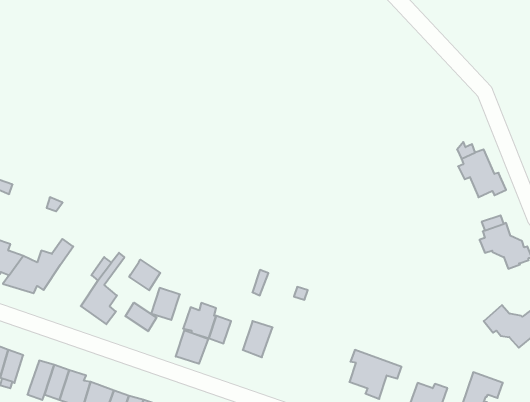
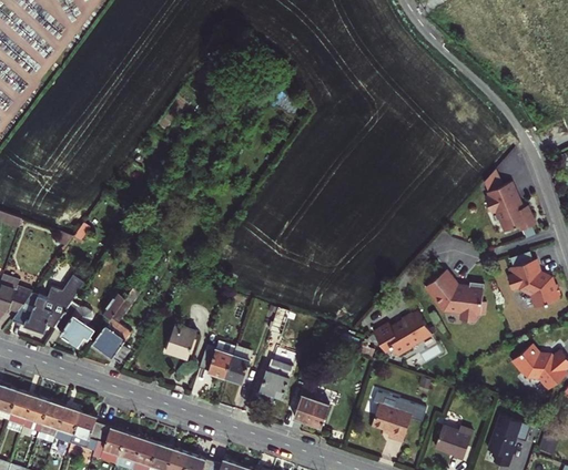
building: none -> [425,272,486,321]
building: [129,260,160,290] -> none
building: none -> [53,303,94,347]
building: none -> [374,313,432,357]
building: [125,303,157,331] -> none
building: [176,330,208,364] -> none
building: none -> [294,396,329,428]
building: none -> [20,397,49,437]

